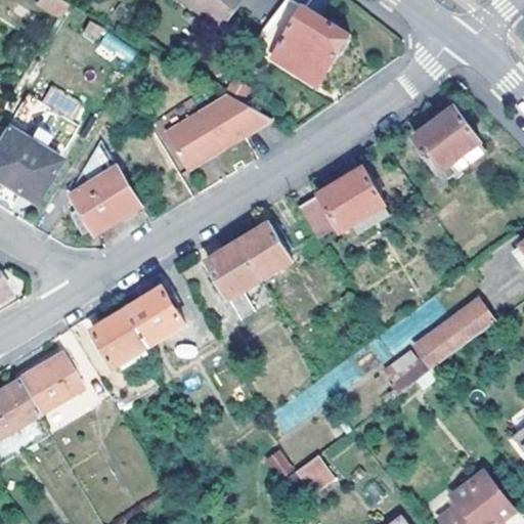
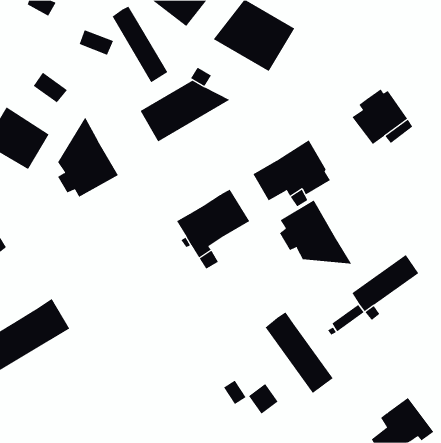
building: none -> [112,6,168,83]
building: none -> [279,199,352,264]
building: [94,289,186,366] -> none
building: none -> [265,312,333,394]

